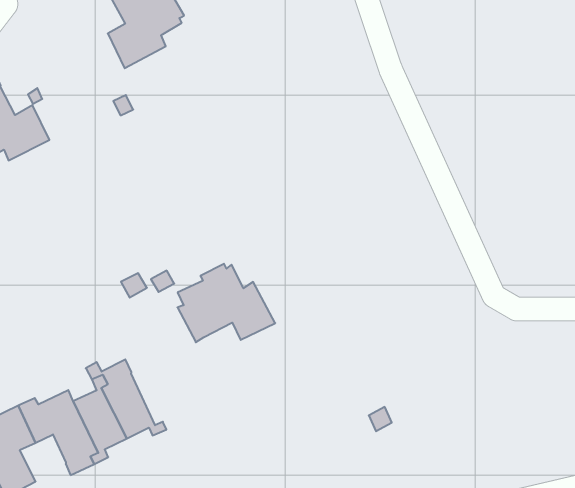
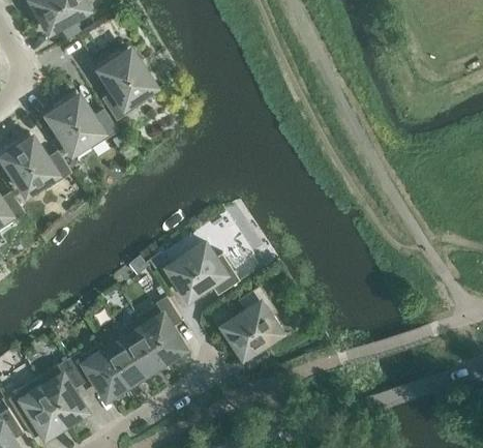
building: none -> [46,92,115,151]
building: none -> [138,297,189,364]
building: none -> [221,287,280,368]

